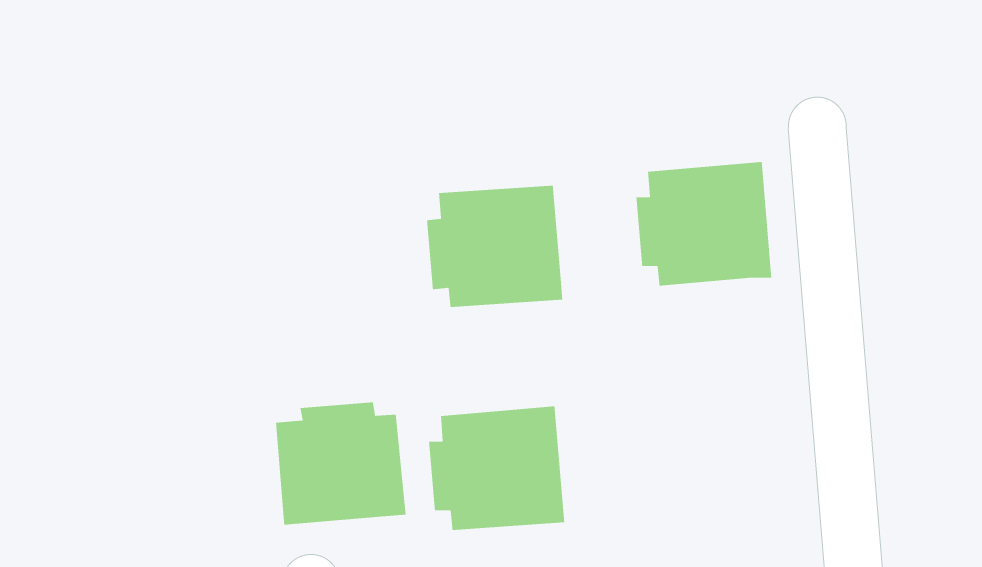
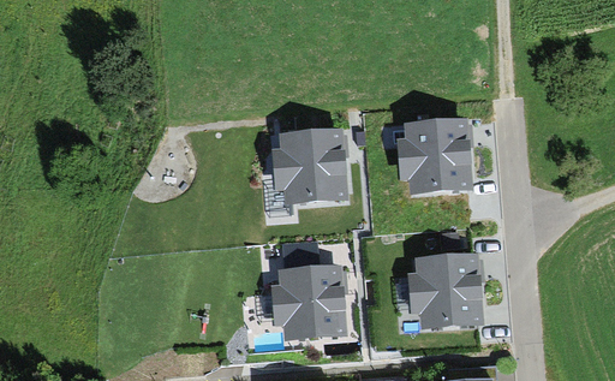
building: none -> [405,251,489,328]
building: [275,401,407,525] -> none

